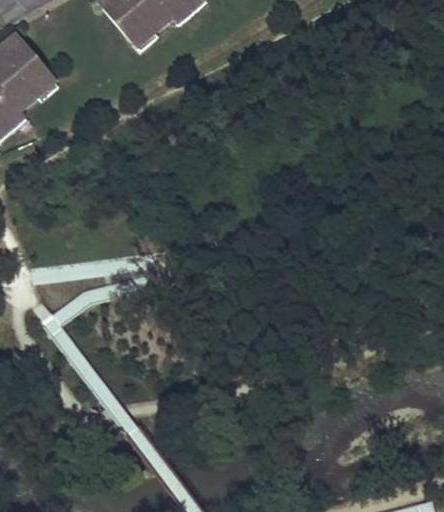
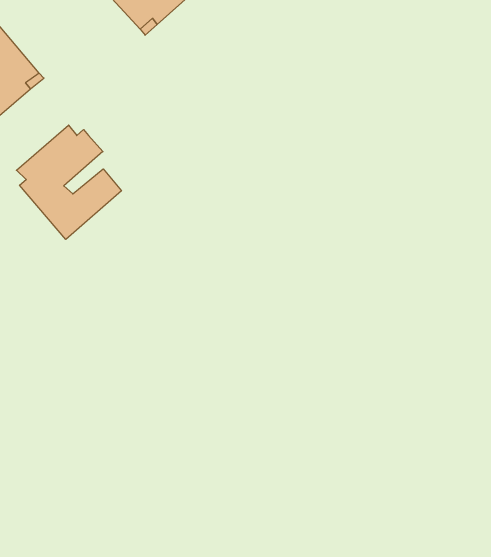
building: none -> [16,125,121,239]

